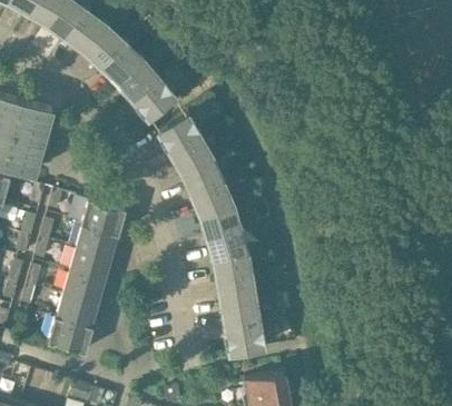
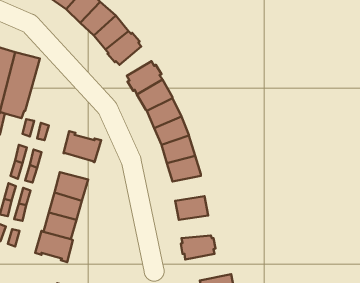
building: [77,226,117,258] -> none
building: [214,254,253,284] -> none
building: [222,301,261,329] -> none

